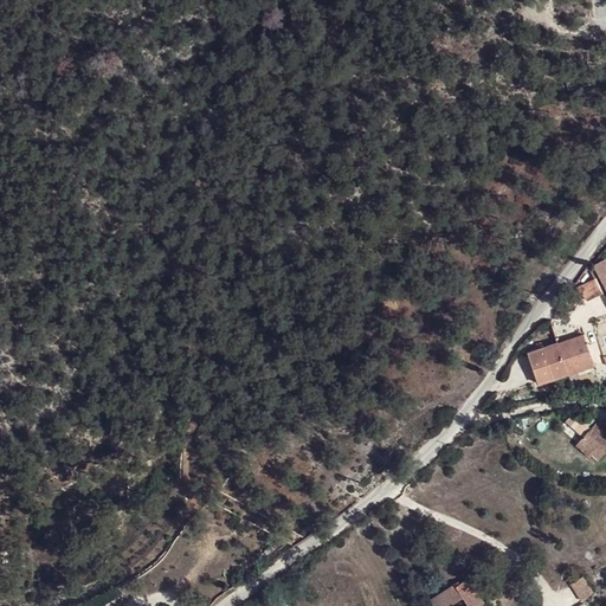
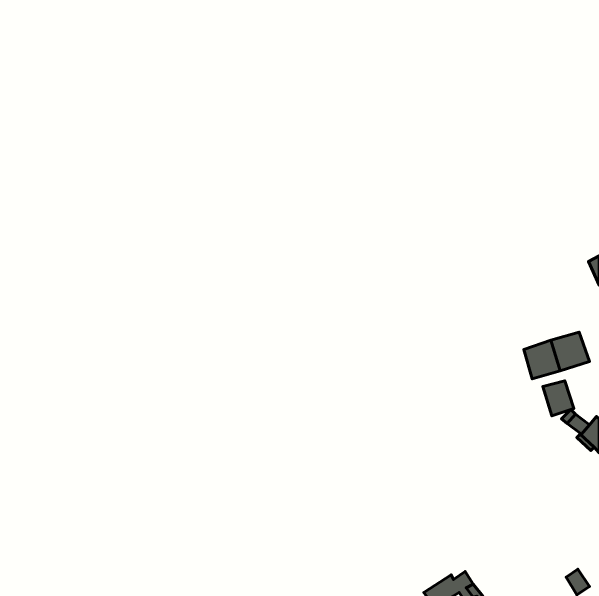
building: none -> [543,381,574,416]

